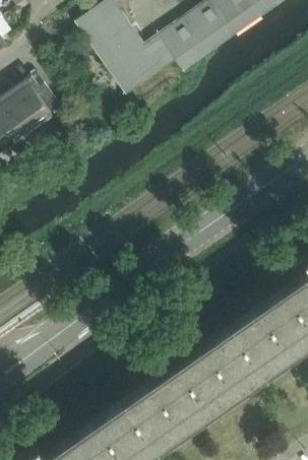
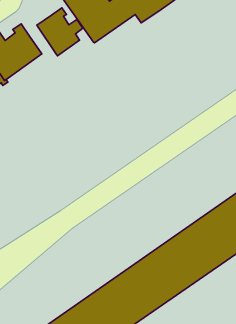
building: none -> [37,8,83,56]

